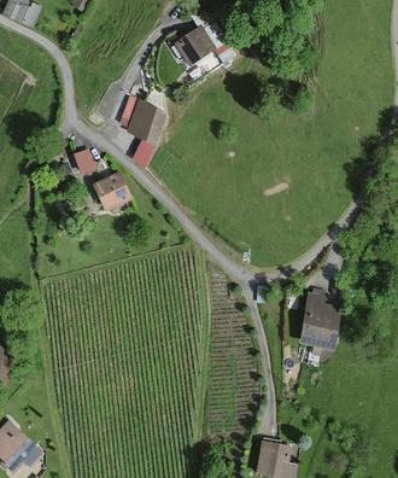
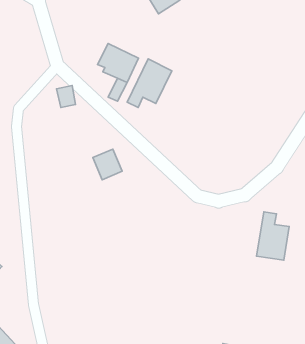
building: none -> [127,59,172,108]
building: [96,173,130,208] -> [93,149,122,180]

